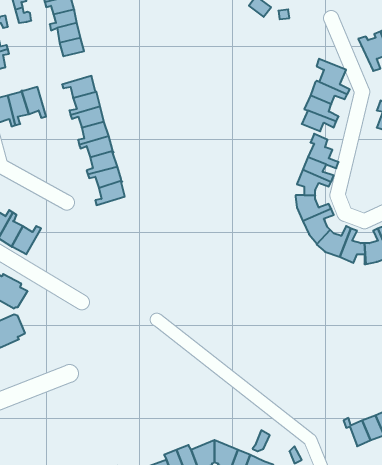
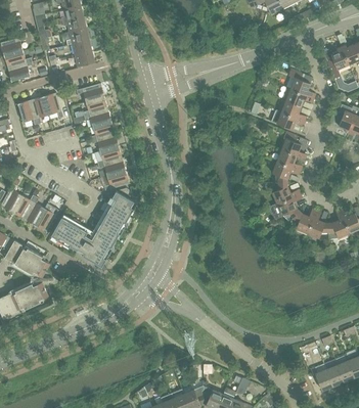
building: none -> [50,188,134,266]

